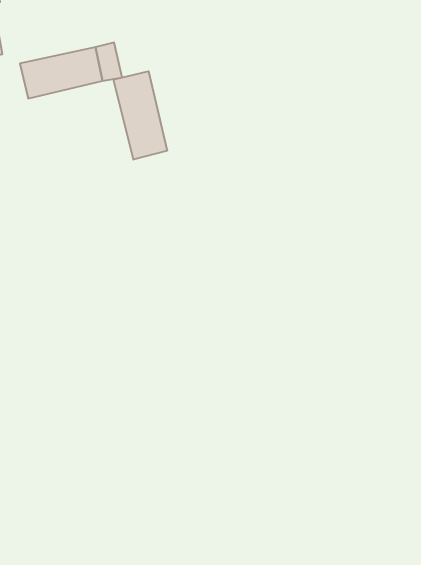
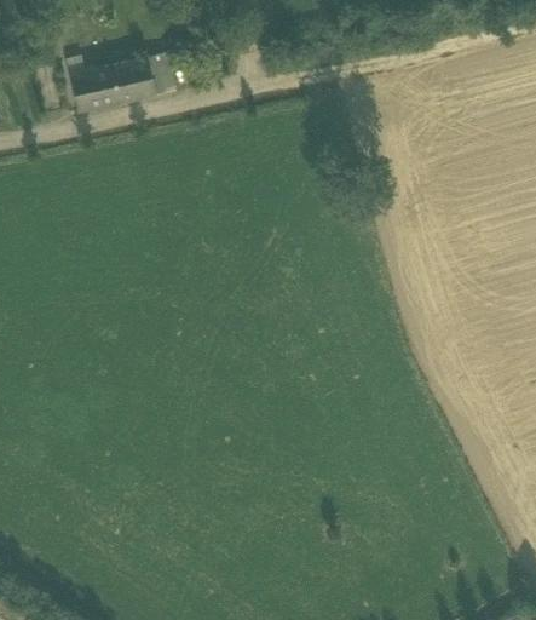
building: [113,71,167,160] -> none

